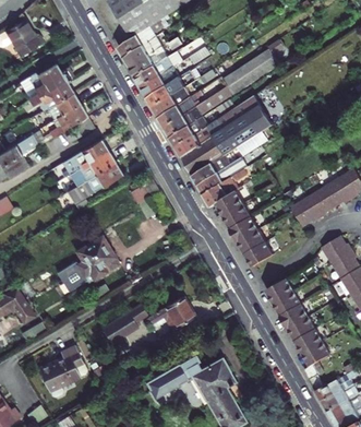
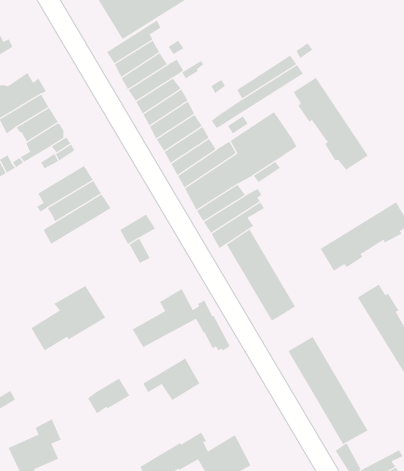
building: none -> [293,77,369,171]
building: none -> [132,288,230,351]

